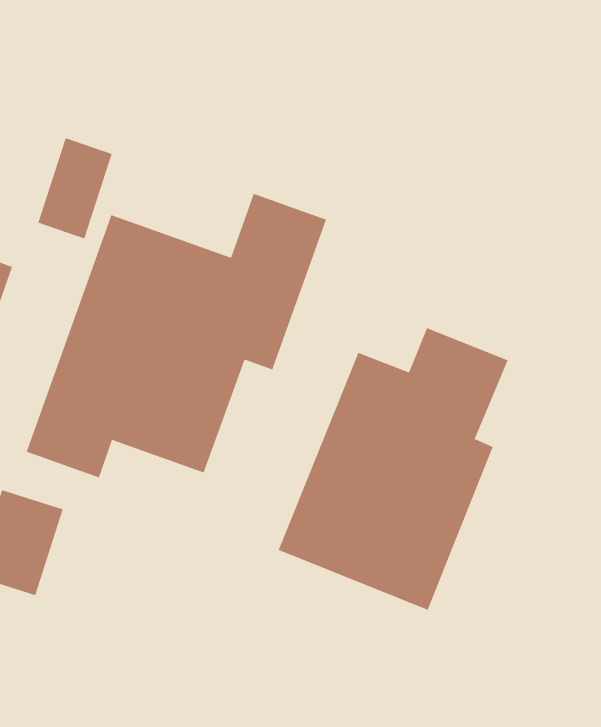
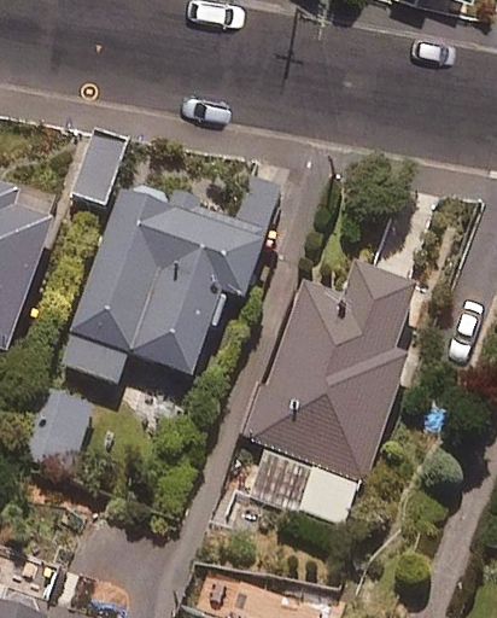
building: none -> [247,438,358,521]

